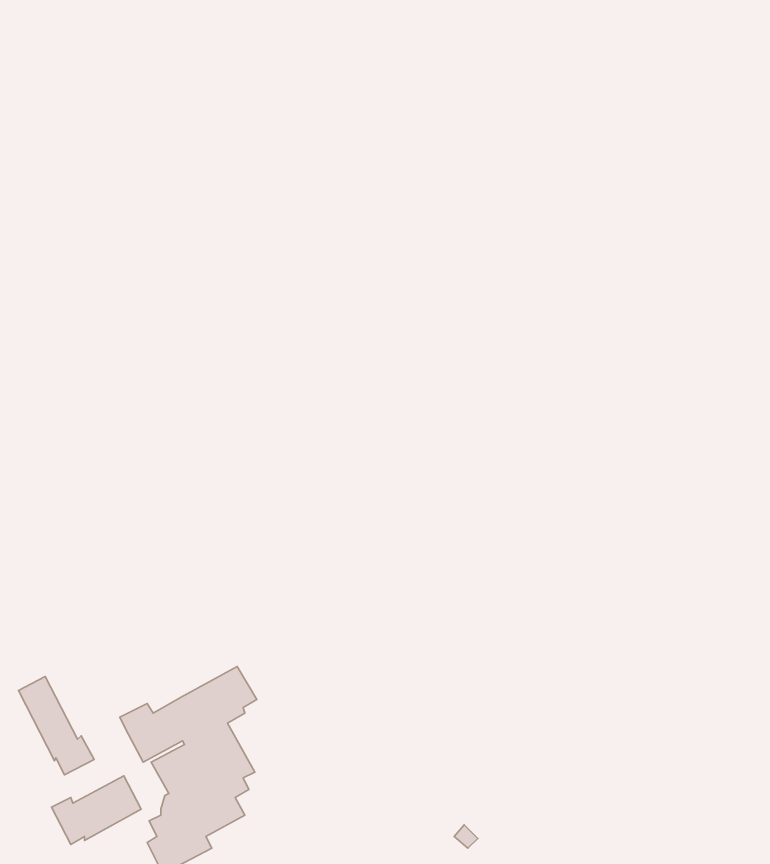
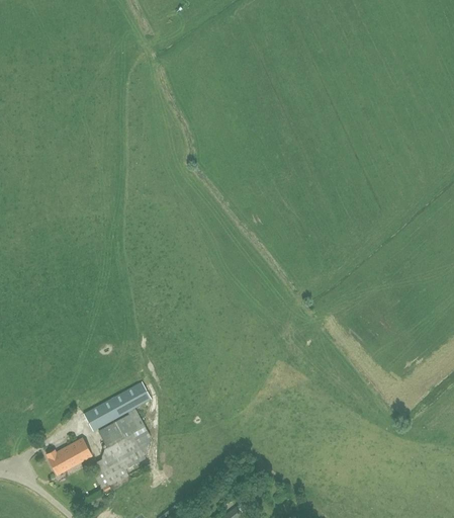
building: [18,676,94,775] -> none

